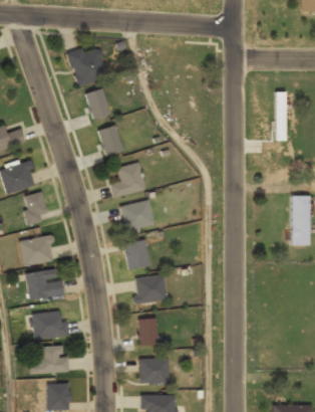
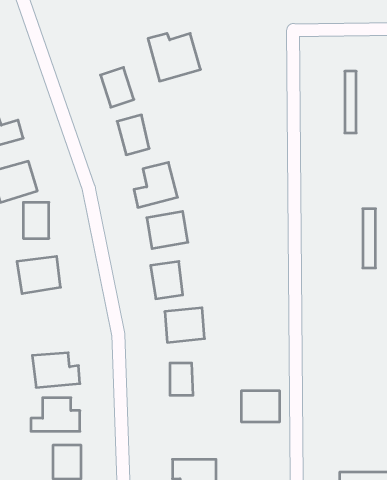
building: [68,48,109,85] -> [148,33,201,81]
building: [27,271,63,297] -> none
building: [139,360,170,384] -> [241,391,280,422]

